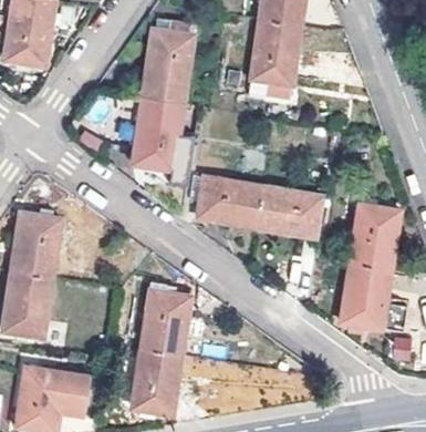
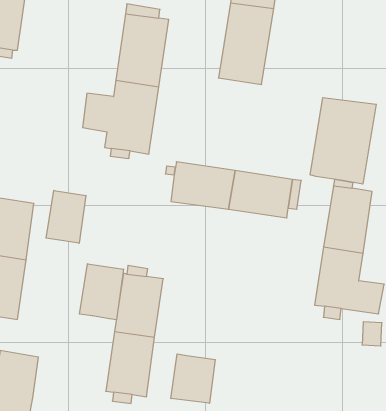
building: none -> [310,98,376,184]
building: none -> [46,190,86,243]
building: none -> [80,264,124,320]
building: none -> [171,354,215,403]
building: [60,373,90,418] -> none

